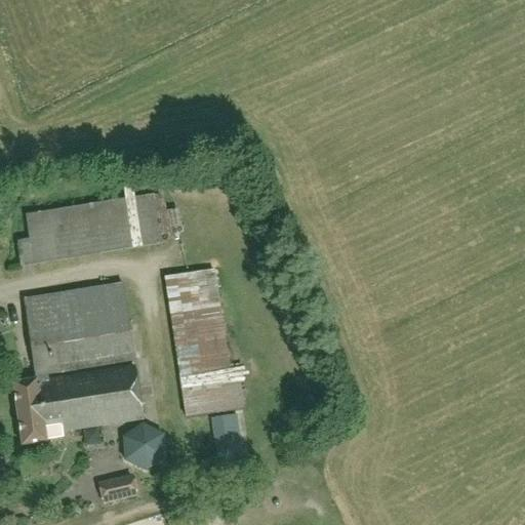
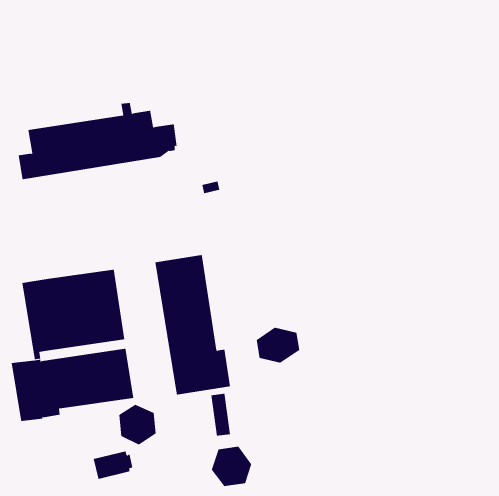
building: [15,184,183,265] -> [18,102,177,180]
building: none -> [256,327,300,364]
building: none -> [211,446,252,487]

